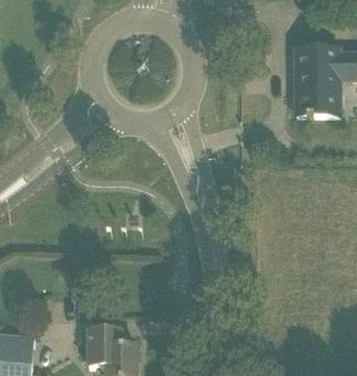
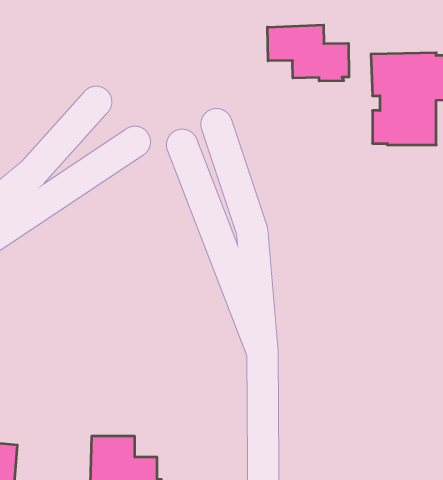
building: none -> [267,25,349,81]

